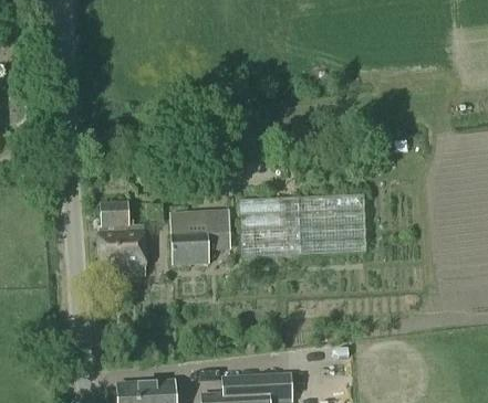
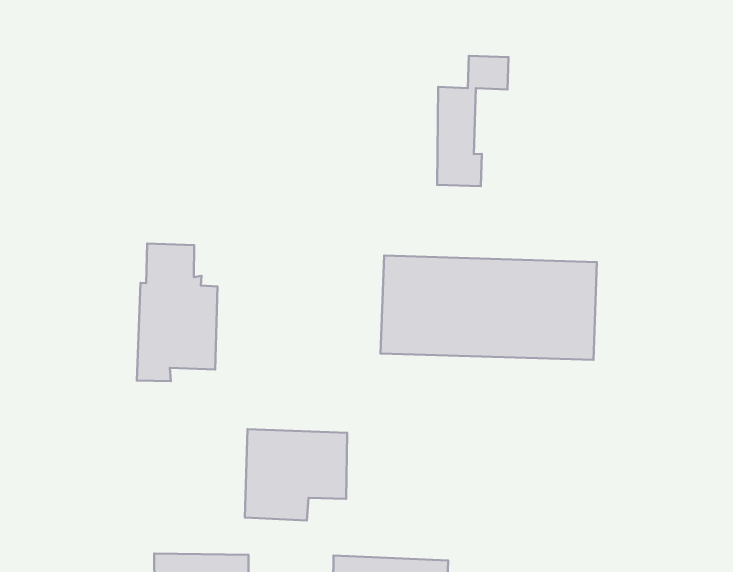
building: none -> [437,56,508,186]
building: [170,209,231,263] -> [245,429,347,520]

